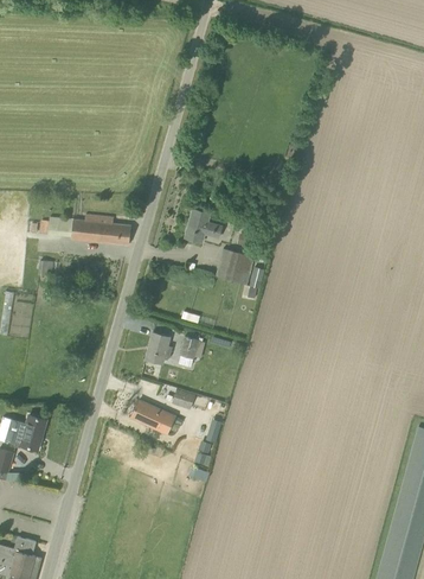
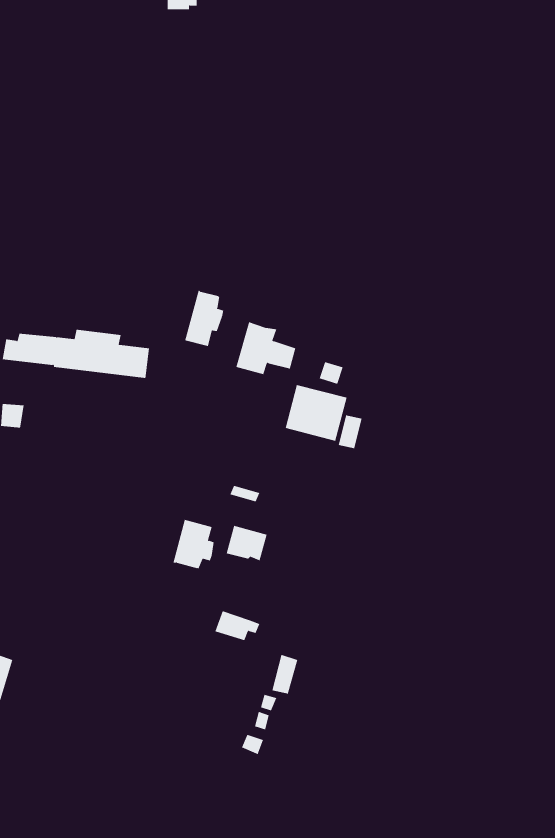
building: none -> [185,289,224,347]
building: [131,400,176,434] -> none

